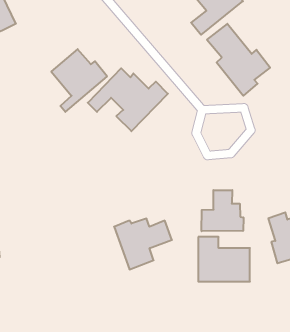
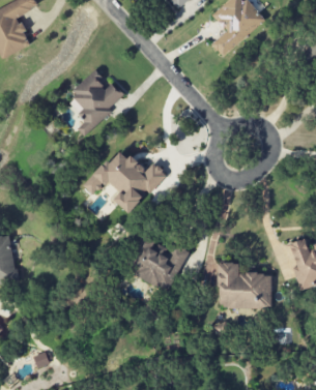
building: [207,24,270,96] -> none
building: [88,68,168,131] -> [85,149,167,213]
building: [202,190,243,231] -> none

